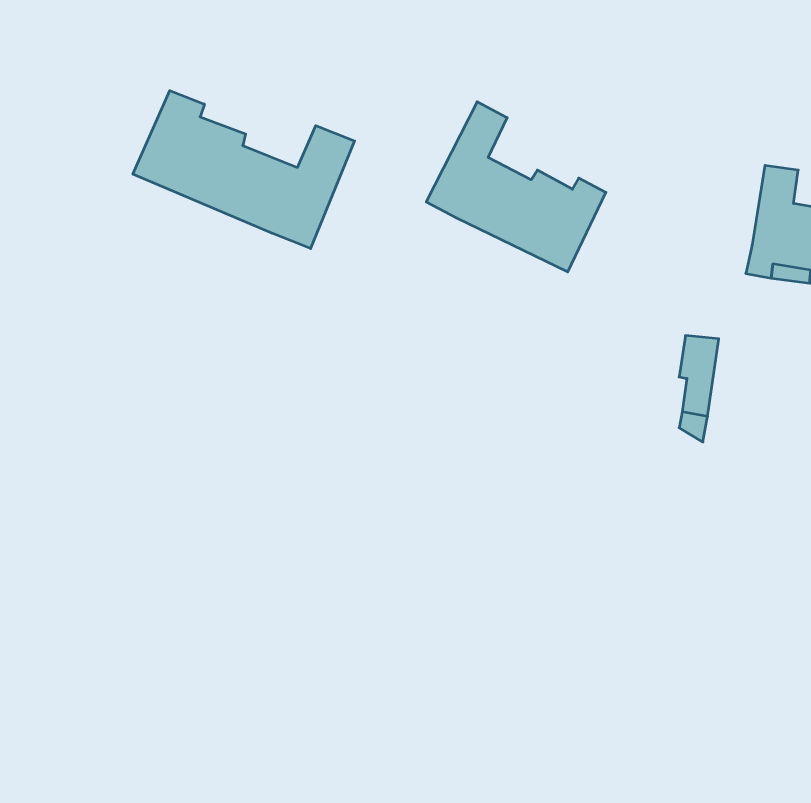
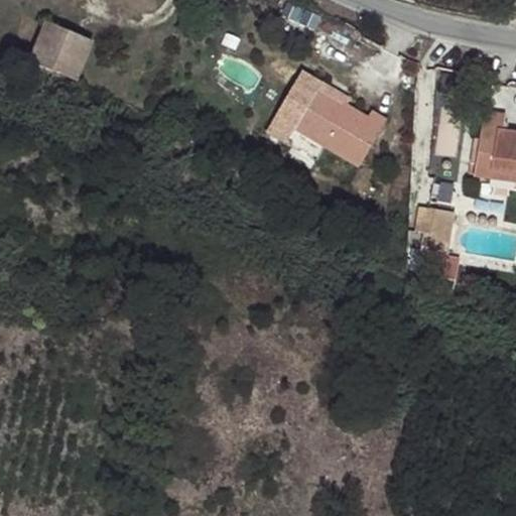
building: none -> [29,16,95,77]
building: [133,91,355,249] -> none

